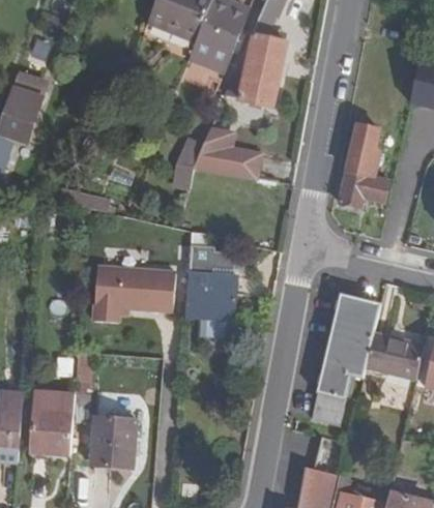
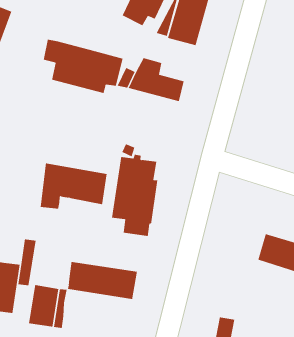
building: none -> [43,39,123,94]
building: [339,125,392,208] -> none
building: [314,297,381,425] -> none
building: none -> [68,261,137,300]

